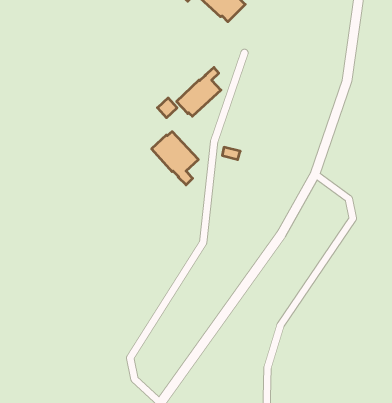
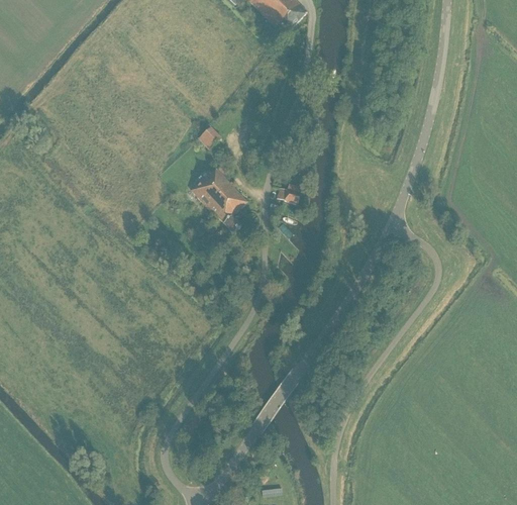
building: [177,67,221,116] -> none

